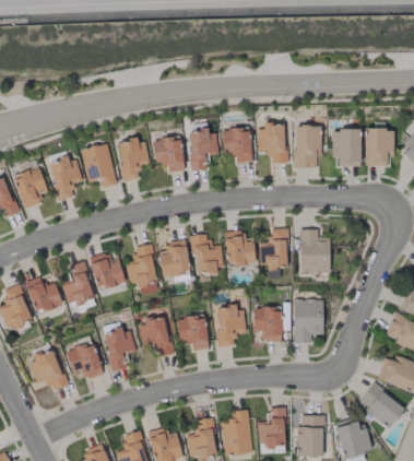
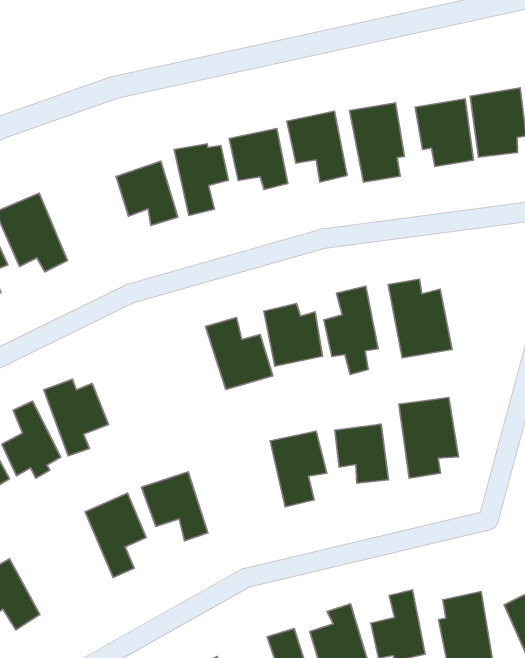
building: [118,139,149,181] -> none
building: [159,240,189,279] -> none
building: [127,245,157,295] -> none
building: [177,317,208,351] -> none
building: [66,342,103,379] -> none

